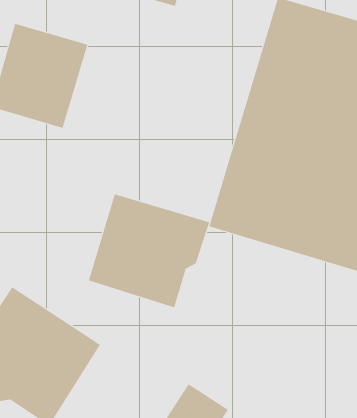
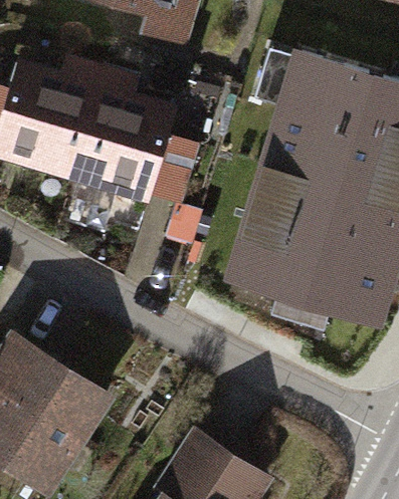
building: none -> [70,87,200,205]
building: [88,193,210,308] -> none

